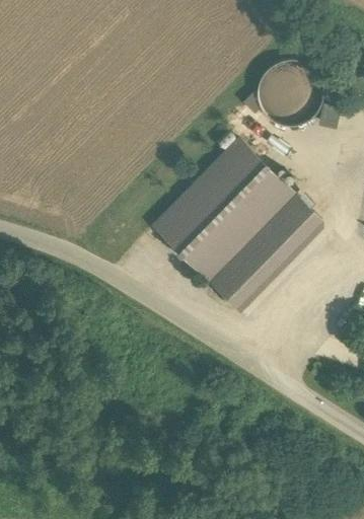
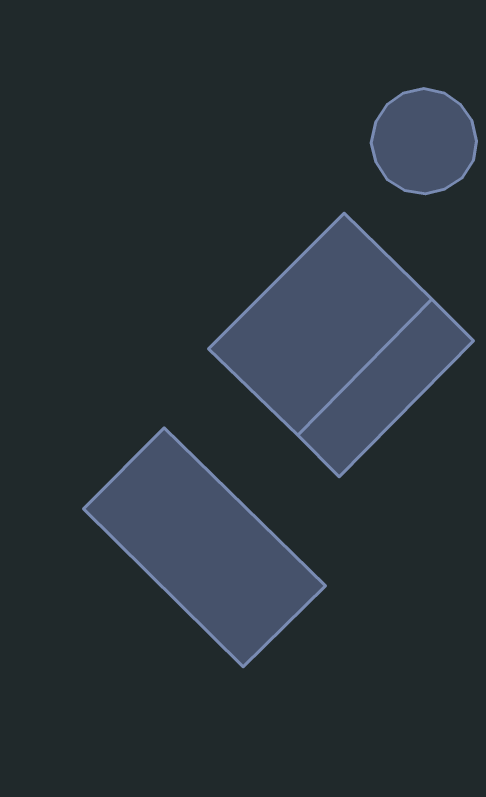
building: none -> [83,428,325,667]

